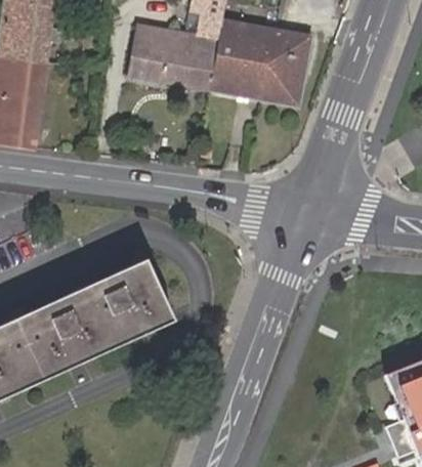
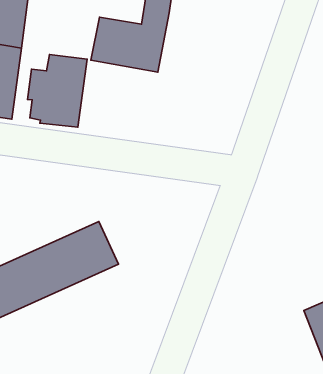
building: [209,18,310,104] -> none
building: none -> [28,55,87,127]

